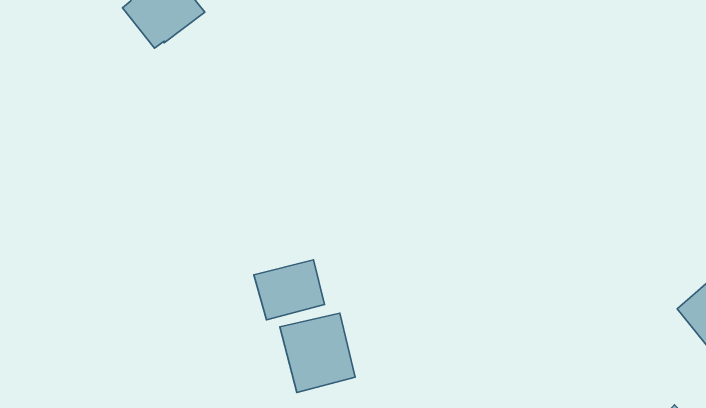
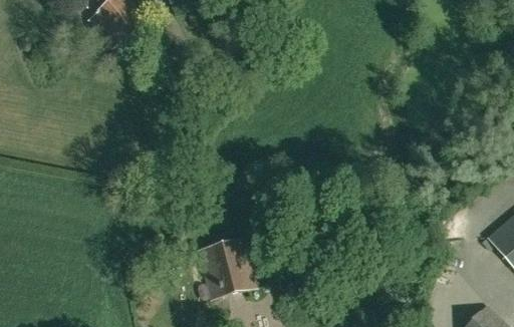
building: [254,260,324,320] -> none

